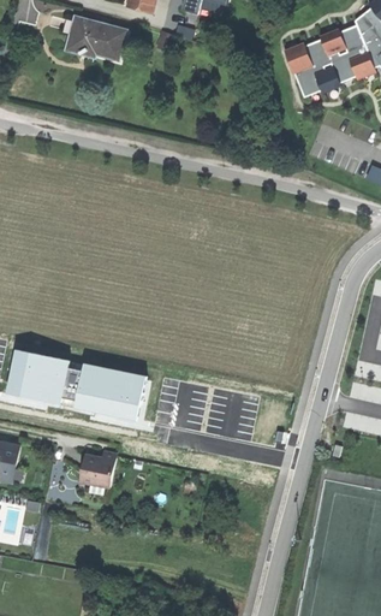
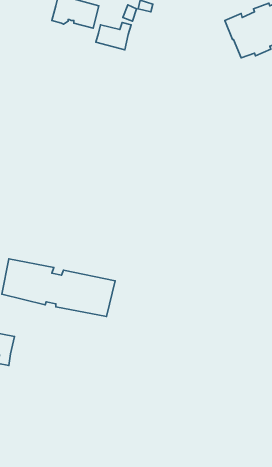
building: none -> [96,22,131,50]
building: [81,452,117,487] -> none

